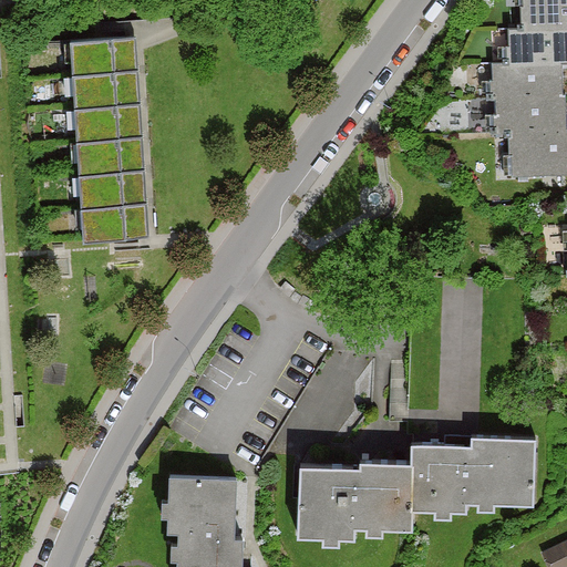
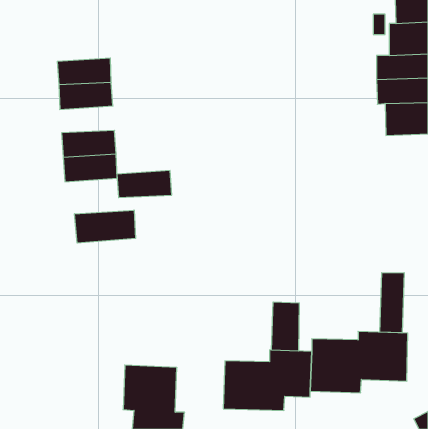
building: [73,44,145,81] -> none
building: [79,140,151,175] -> [117,171,172,198]
building: none -> [75,210,136,243]
building: none -> [380,273,404,333]
building: none -> [272,302,299,351]

